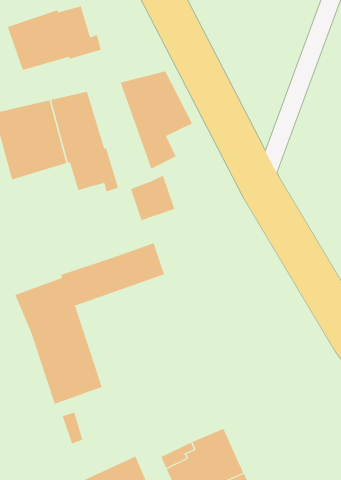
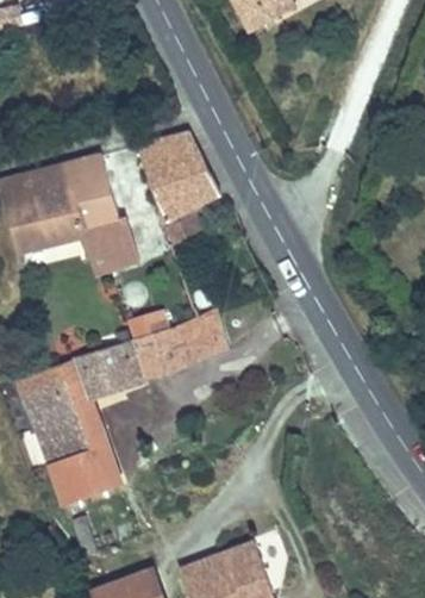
building: [7,5,102,71] -> none
building: [130,175,175,221] -> [173,311,223,362]

